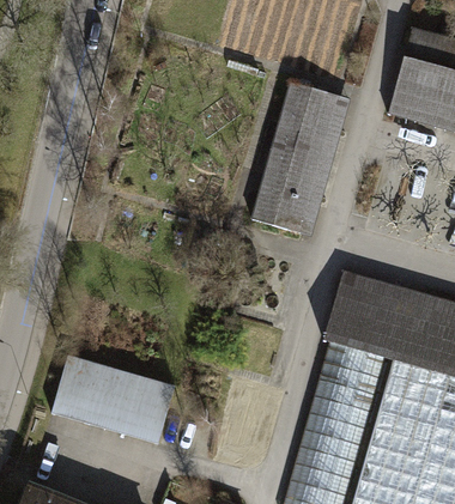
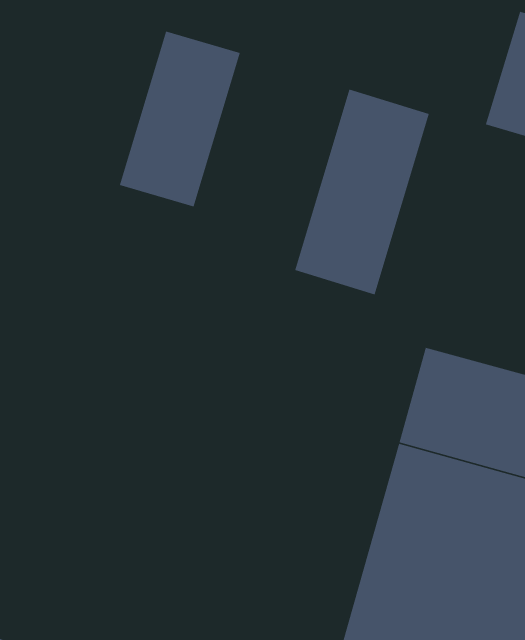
building: none -> [119,30,241,208]
building: [51,357,175,445] -> none

